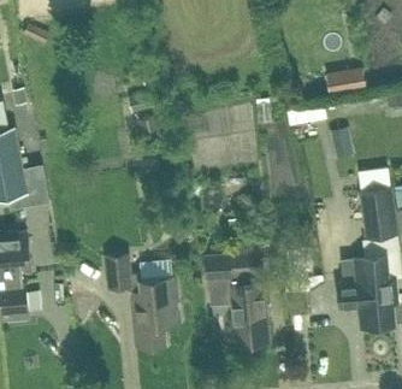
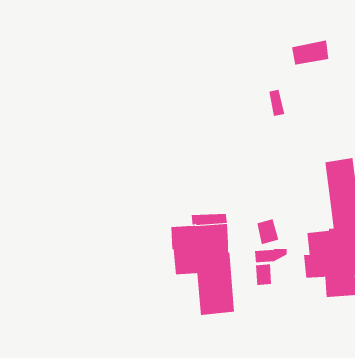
building: [105,254,181,348] -> none

